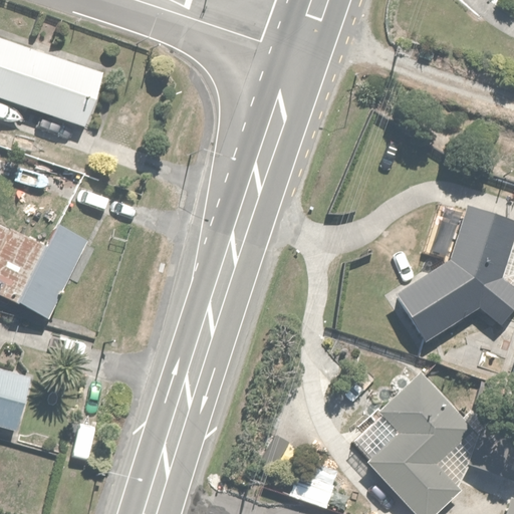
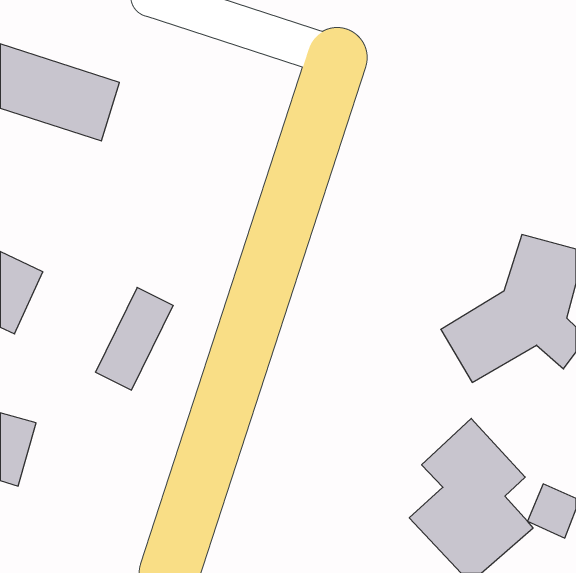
building: [19,227,88,318] -> [95,287,173,390]

